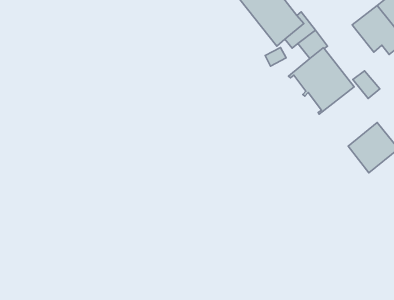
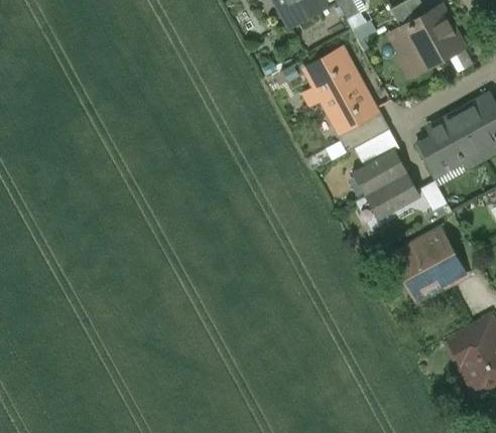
building: none -> [415,137,448,172]

